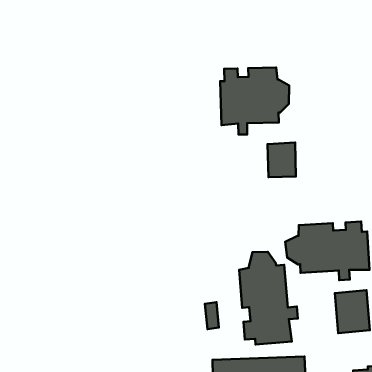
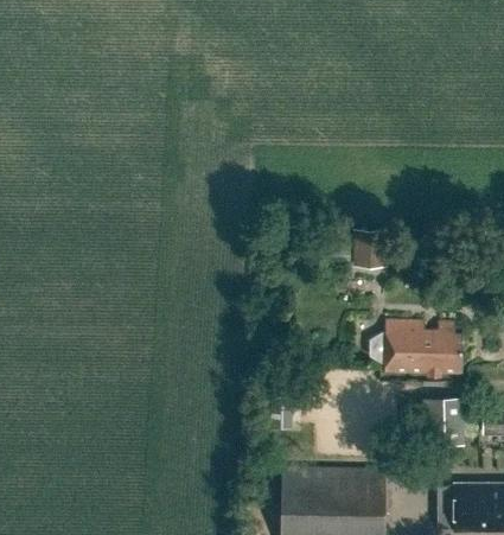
building: [220,67,289,135] -> none
building: [239,252,298,345] -> none

